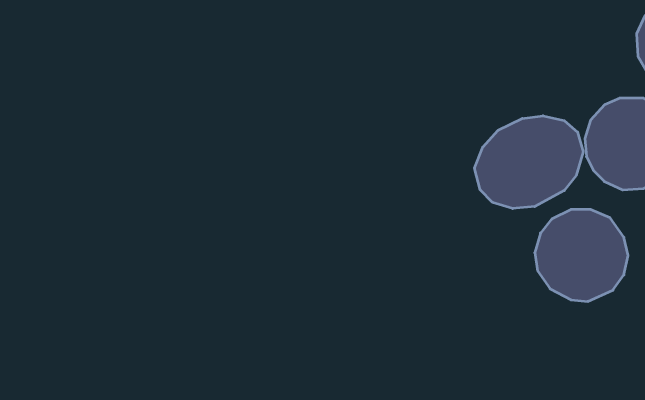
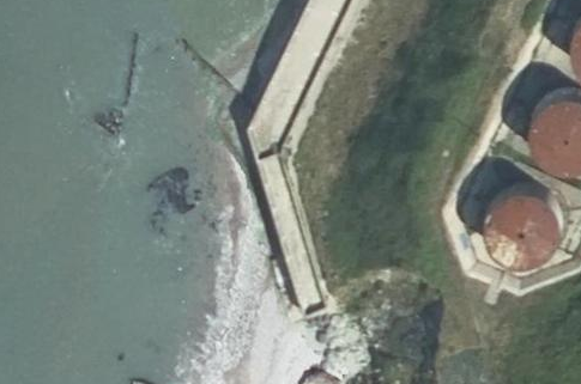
building: [475,116,583,209] -> none

